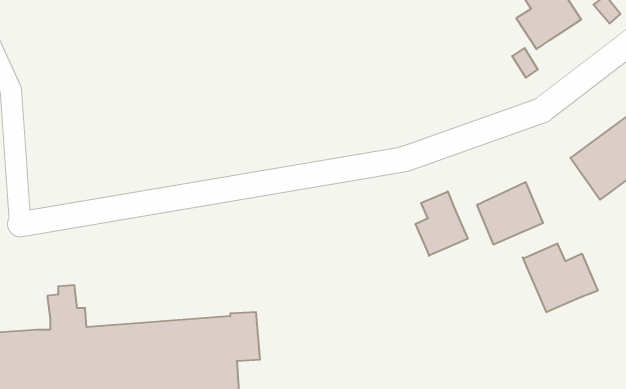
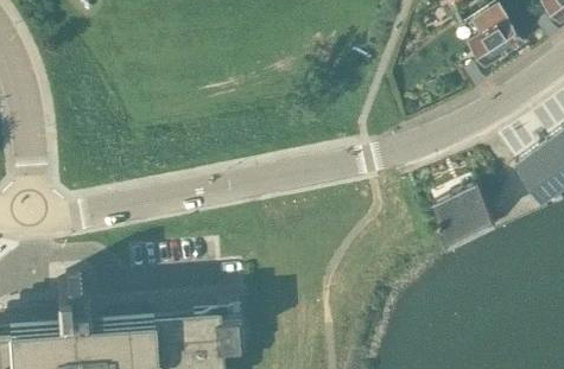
building: [415,191,468,256] -> none
building: [523,243,598,312] -> none

